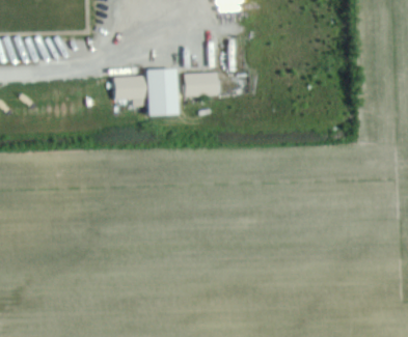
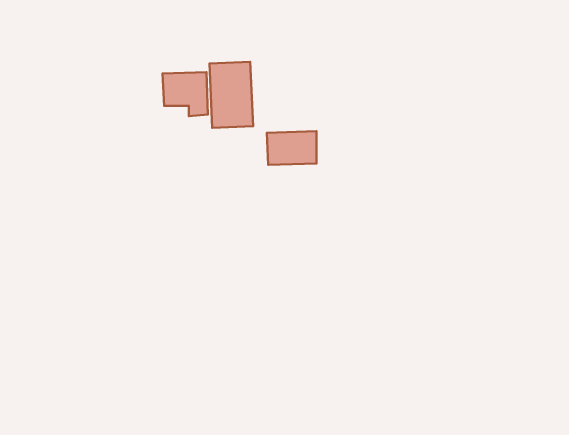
building: [186,73,221,96] -> [267,131,316,165]

